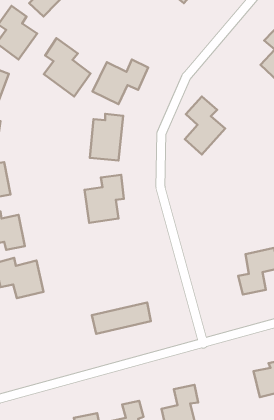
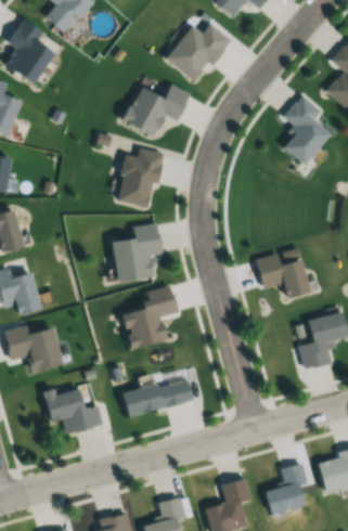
building: none -> [165,23,230,82]
building: [44,38,91,97] -> none
building: [185,96,225,154] -> [282,94,331,165]
building: none -> [256,254,309,298]
building: none -> [123,285,176,349]
building: none -> [46,390,103,433]
building: none -> [265,463,308,515]

